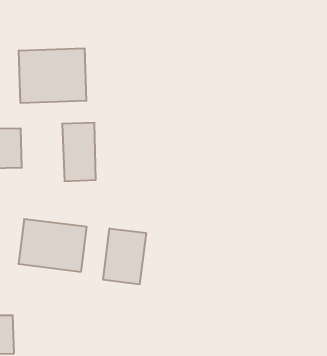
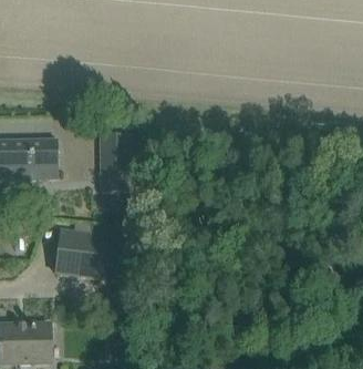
building: [19,48,86,103] -> none
building: [103,228,146,284] -> none

